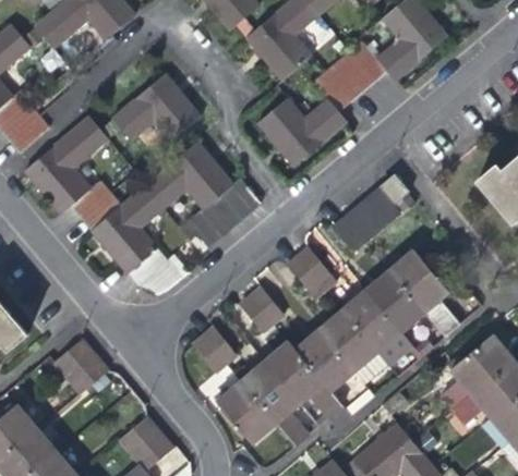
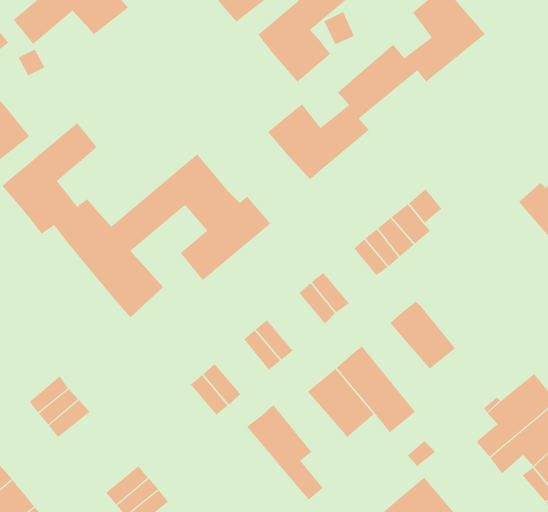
building: [115,73,202,142] -> none
building: [387,249,457,337] -> none
building: [340,290,413,368] -> none
building: [263,341,341,418] -> none
building: [216,380,274,441] -> none

